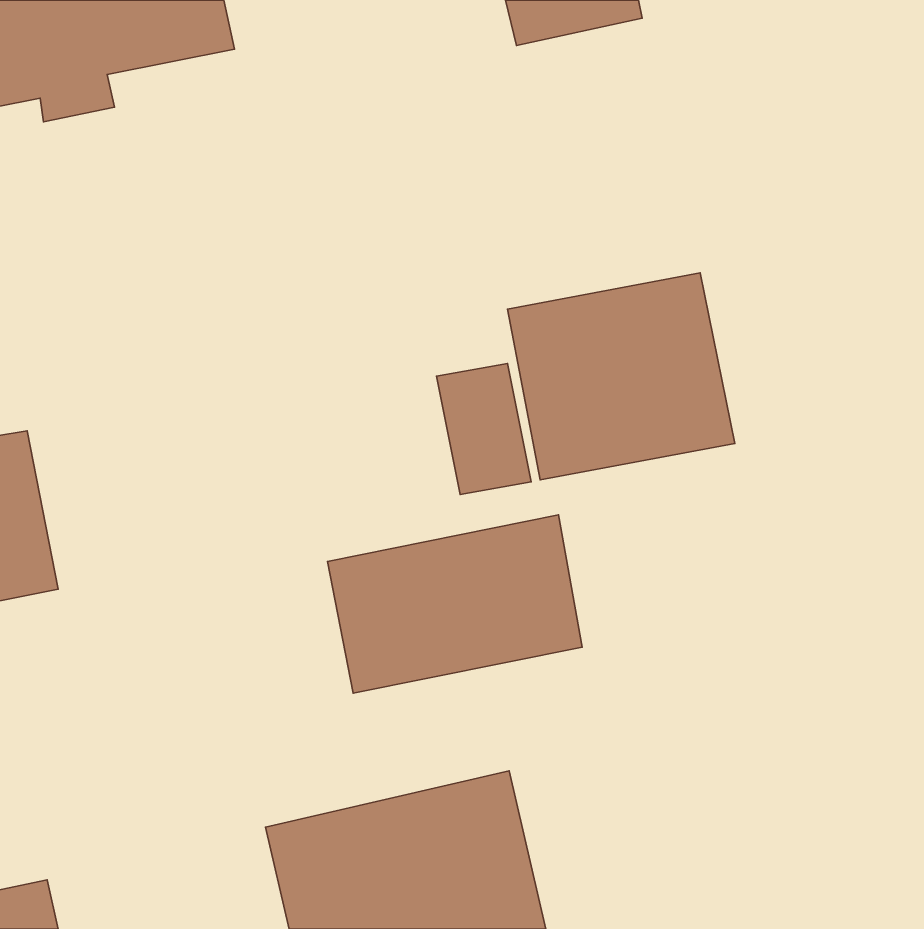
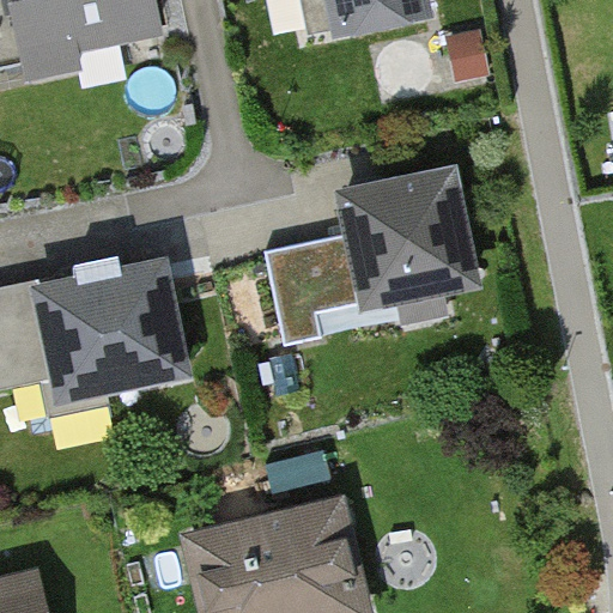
building: none -> [29,261,188,396]
building: [328,515,582,693] -> none

